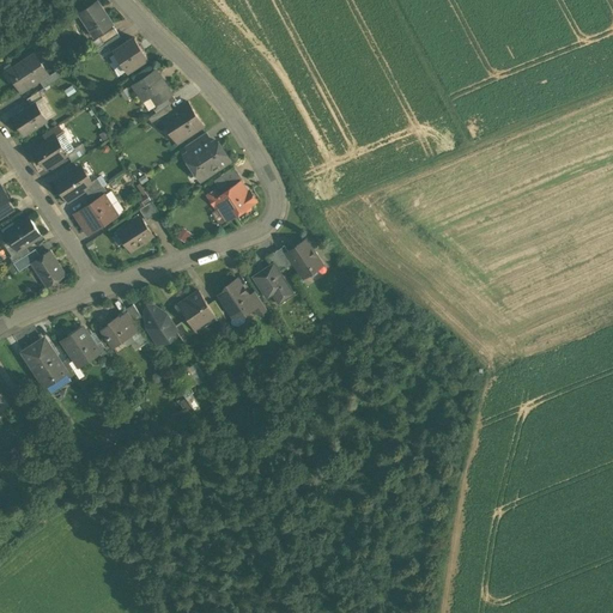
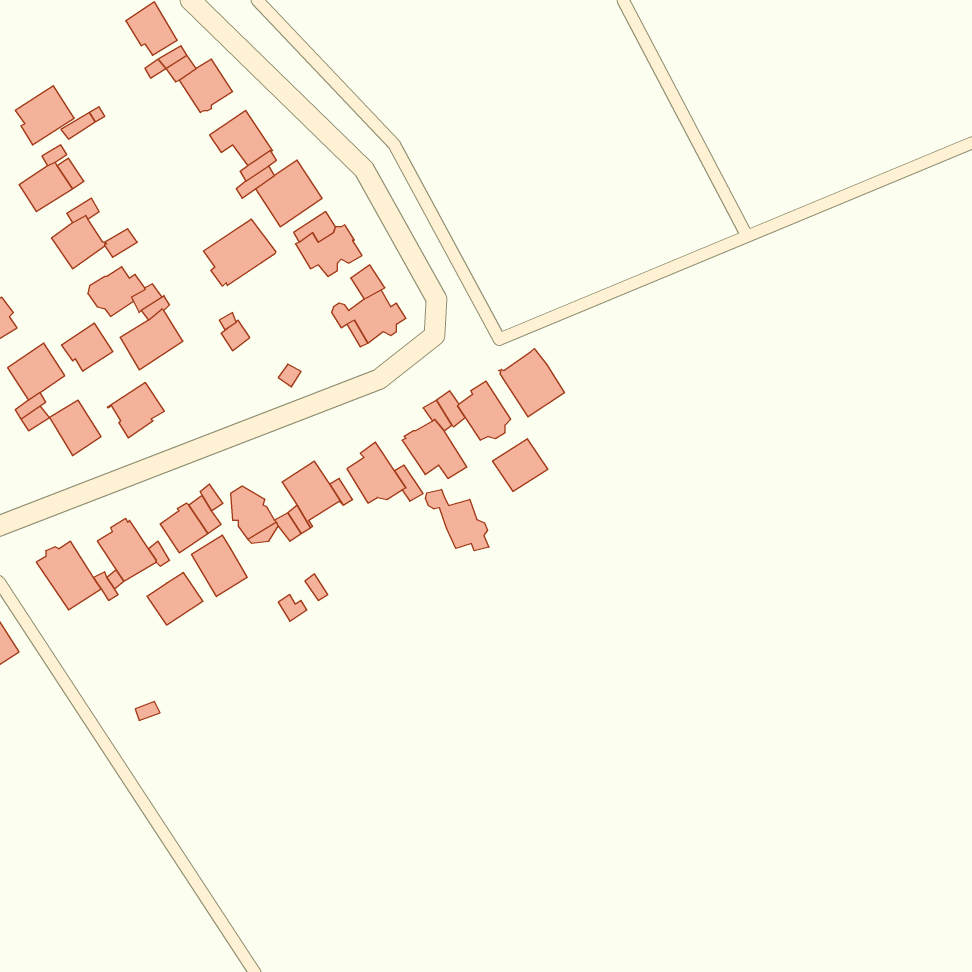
building: none -> [203,219,276,286]
building: none -> [62,323,113,371]
building: [116,218,152,253] -> [107,383,164,438]
building: none -> [499,349,564,417]
building: none -> [493,439,548,491]
building: none -> [426,489,489,551]
building: none -> [191,535,247,597]
building: none -> [147,572,203,625]

